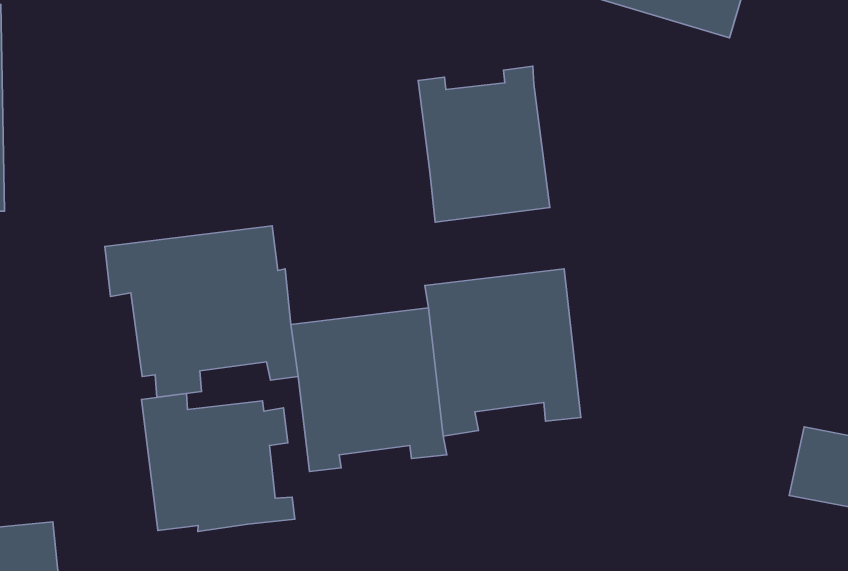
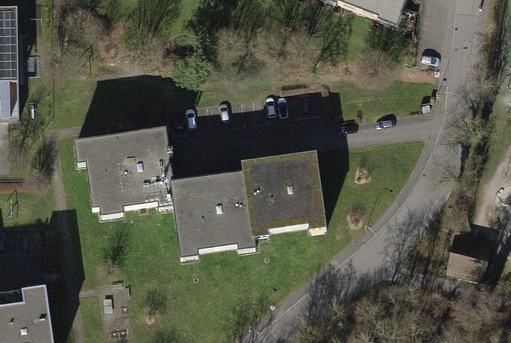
building: [418,66,550,222] -> none
building: [141,393,295,531] -> none

